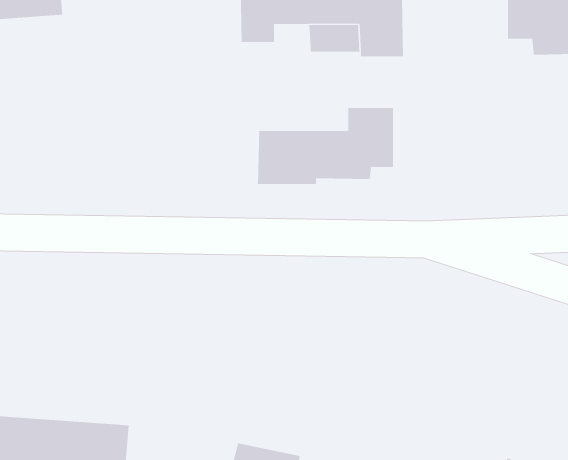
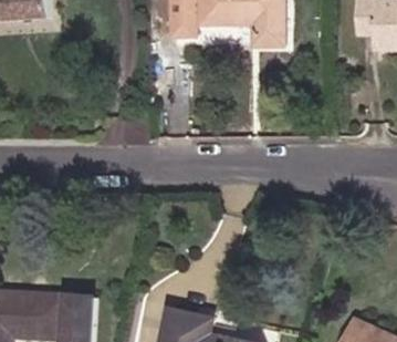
building: [257,107,394,185] -> none

